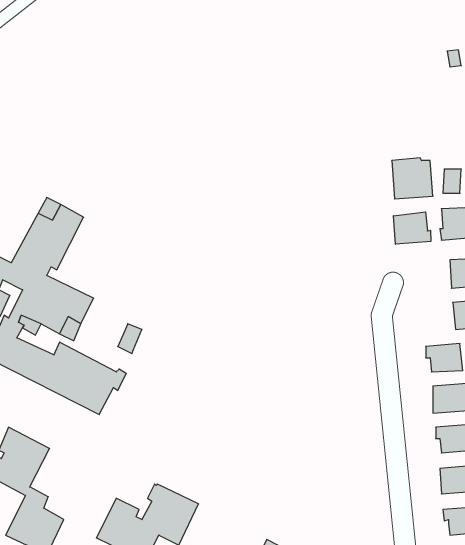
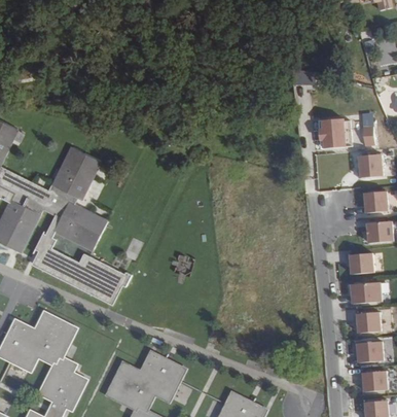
building: [393,212,431,244] -> none

